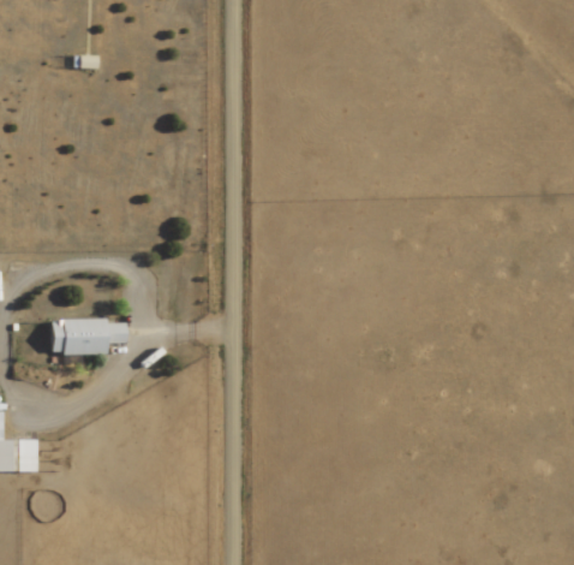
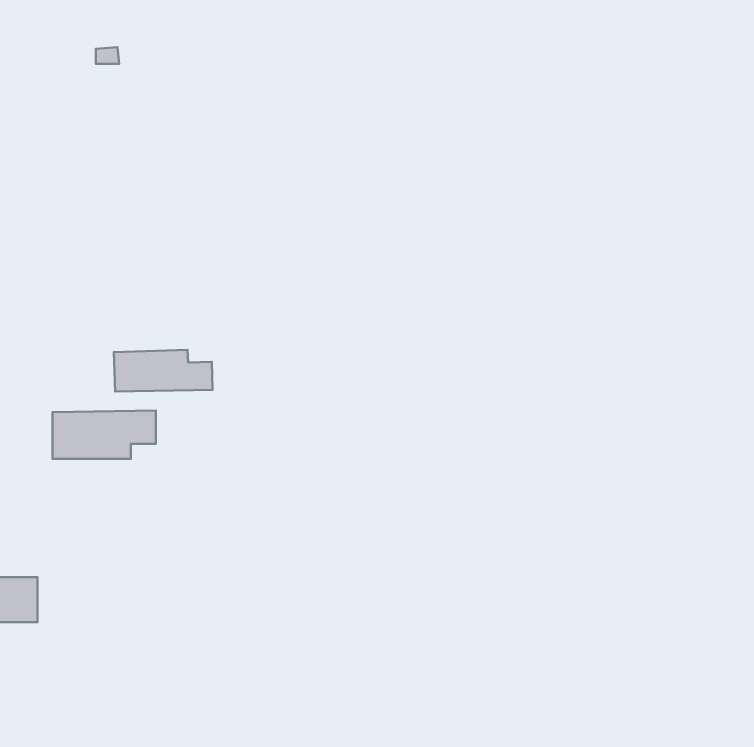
building: none -> [114,350,213,391]

